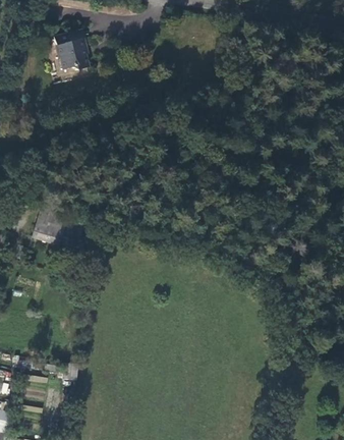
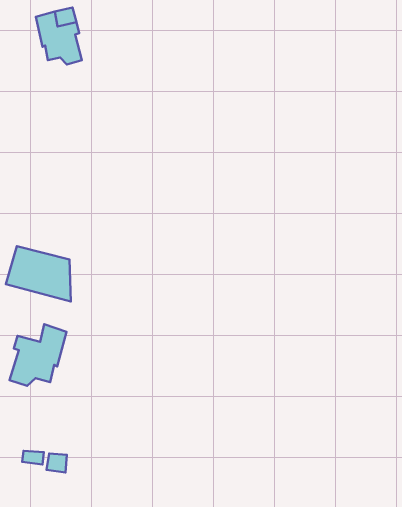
building: none -> [9,324,67,386]

